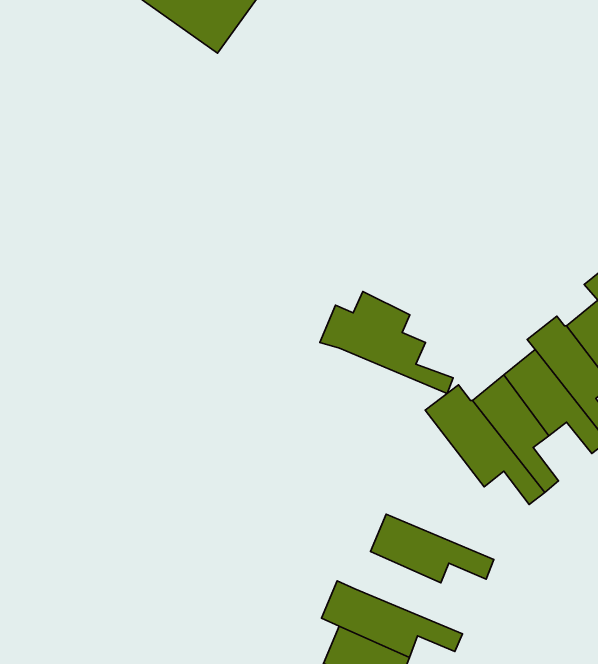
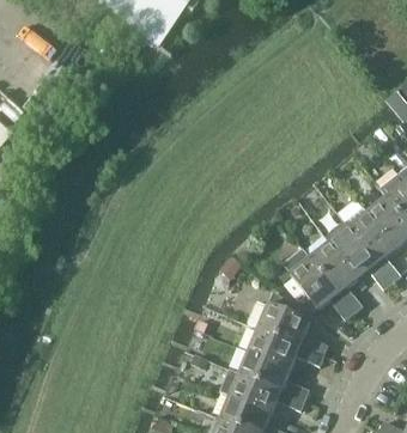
building: [320,291,453,393] -> [248,291,329,353]
building: none -> [241,348,311,398]

